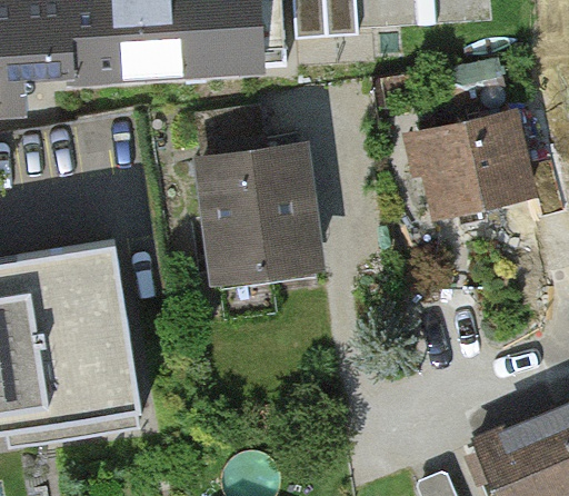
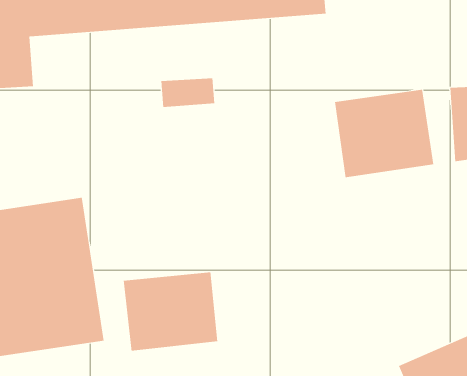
building: [198,153,319,288] -> none
building: none -> [123,271,218,352]

